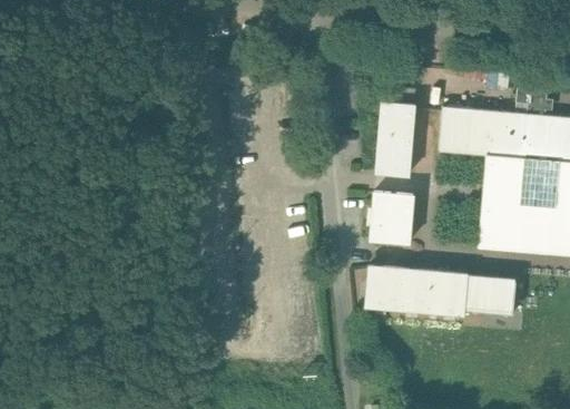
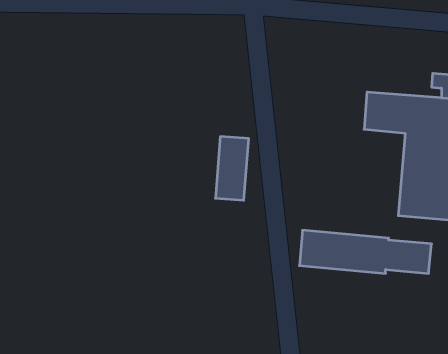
building: [376,103,414,175] -> [215,137,249,200]
building: [367,192,413,243] -> none

